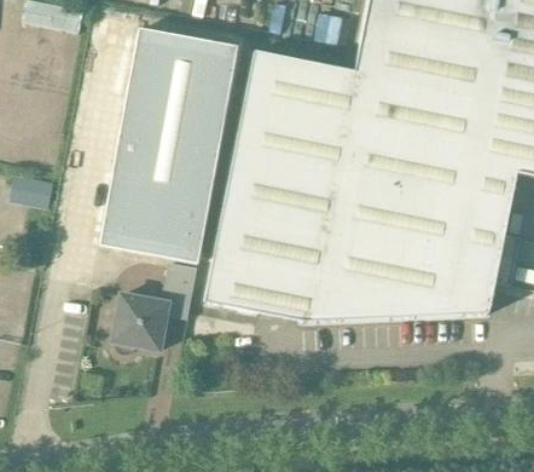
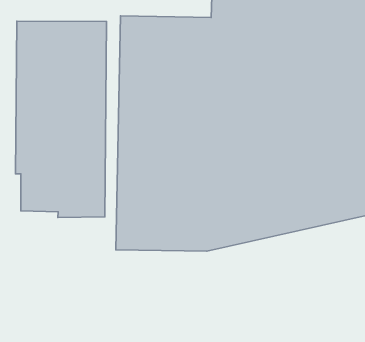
building: [112,263,196,353] -> none

